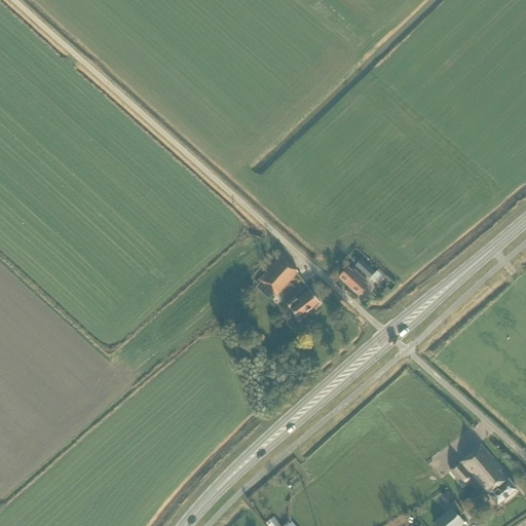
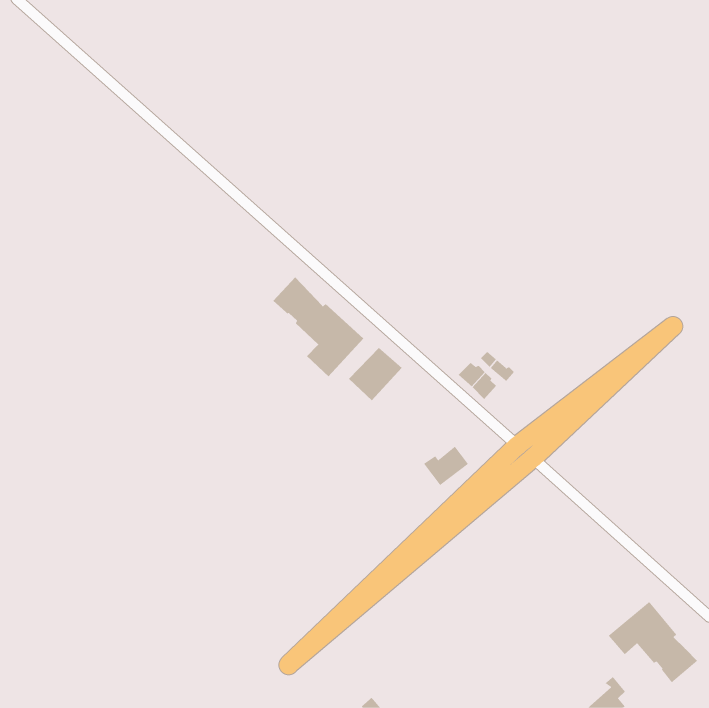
building: none -> [273,276,364,377]
building: [286,290,320,320] -> [423,446,469,486]

